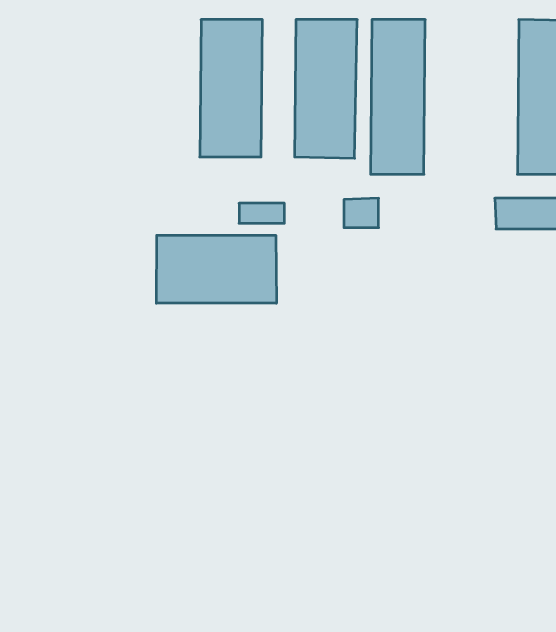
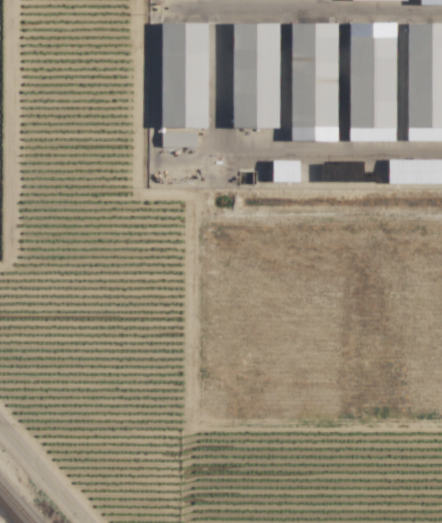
building: none -> [347,22,395,141]
building: [239,203,284,223] -> [164,132,199,147]
building: [156,235,276,303] -> none

